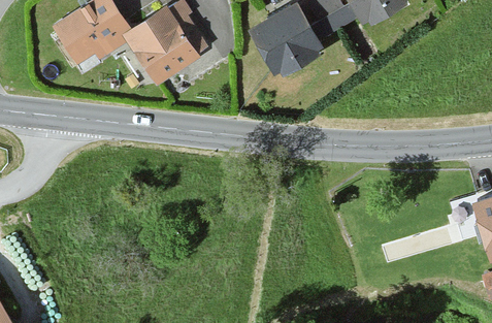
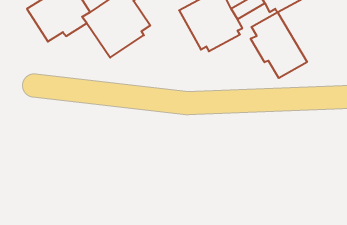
building: none -> [251,12,307,78]

